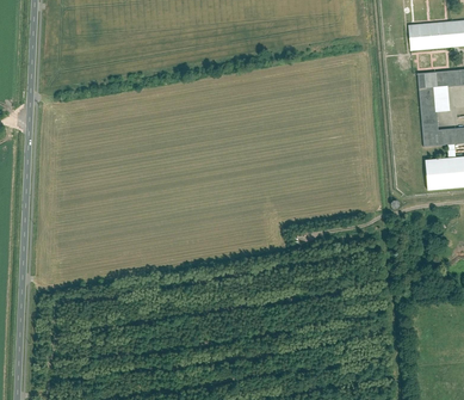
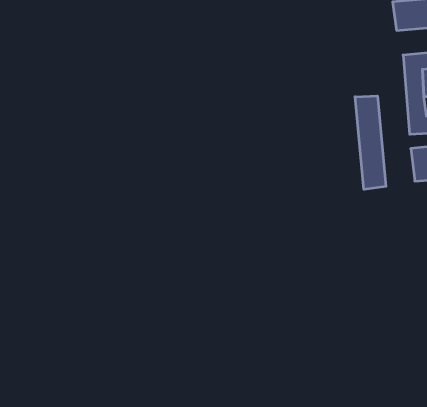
building: none -> [355,96,386,189]

